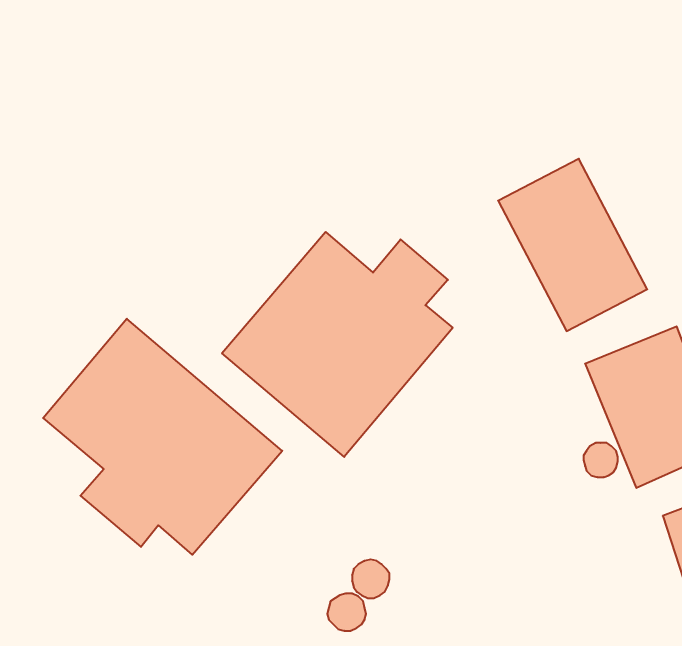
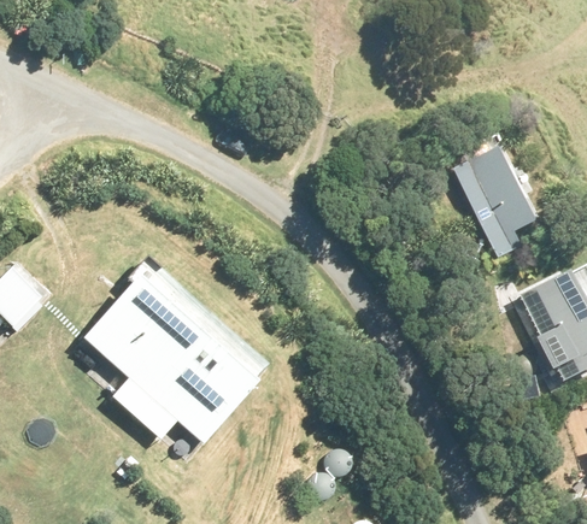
building: [222,232,453,457] -> none

